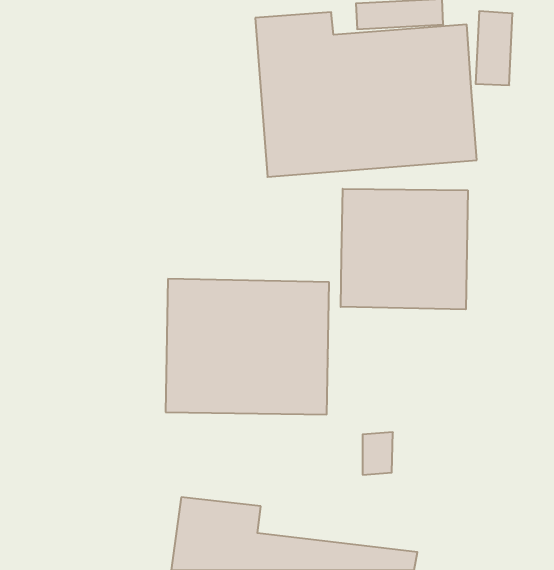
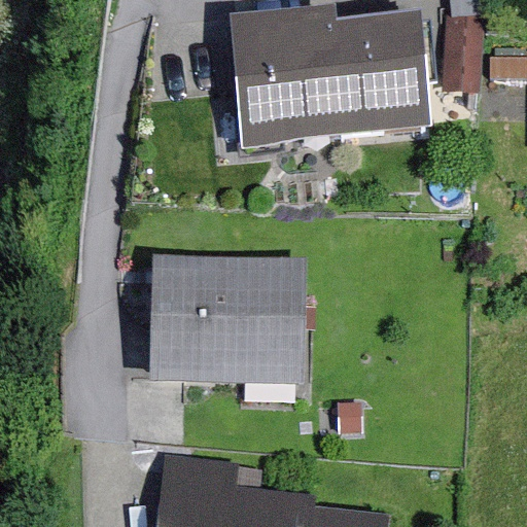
building: [341,189,468,309] -> none

